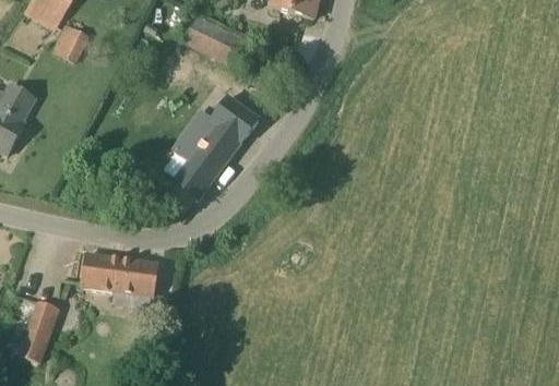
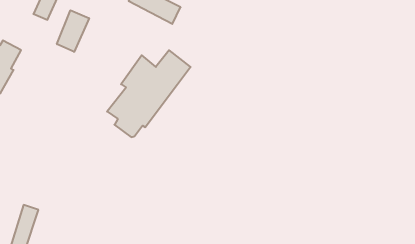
building: none -> [57,10,89,52]
building: [81,254,158,298] -> none

